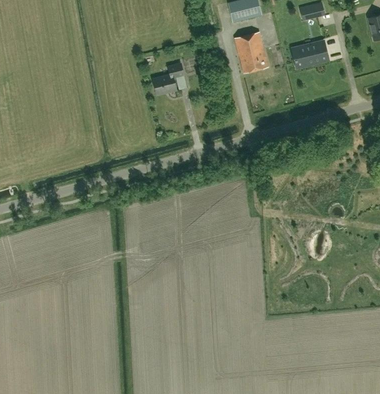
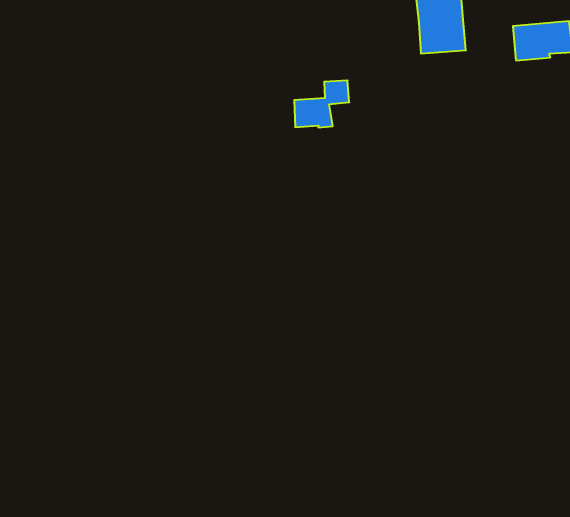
building: [153,63,184,94] -> [294,80,349,127]

